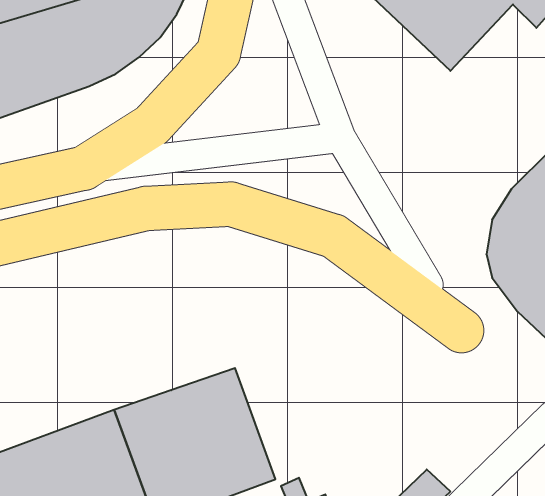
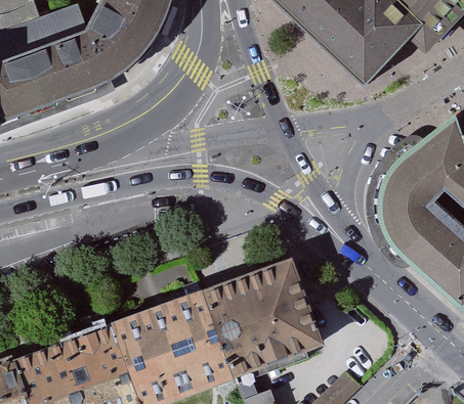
building: none -> [201,266,317,378]

